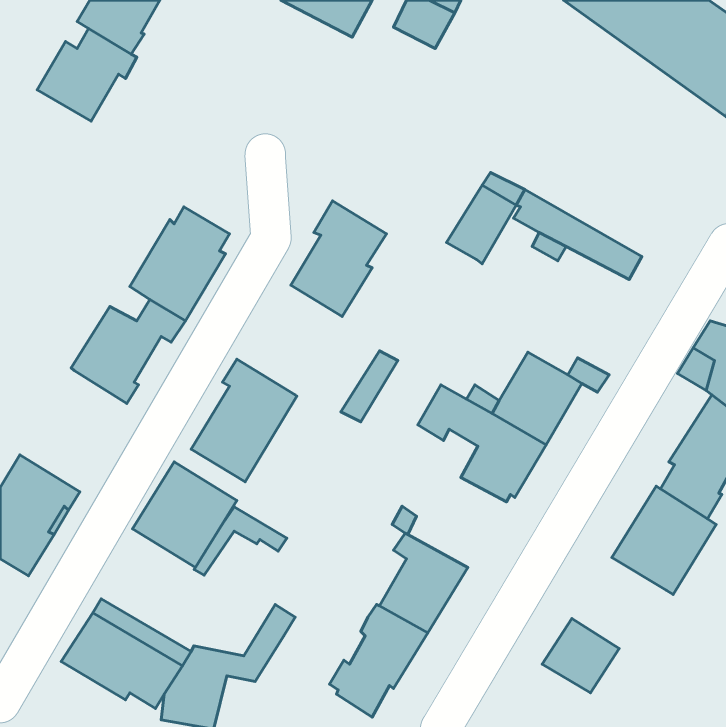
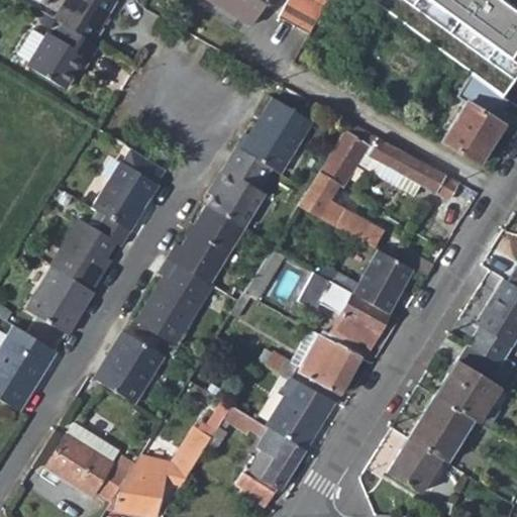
building: none -> [443,75,507,166]
building: none -> [237,97,311,170]
building: none -> [298,173,387,250]
building: none -> [170,203,244,281]
building: none -> [29,264,96,329]
building: none -> [299,334,360,395]
building: [194,507,287,575] -> [203,407,269,455]
building: none -> [407,396,474,463]

